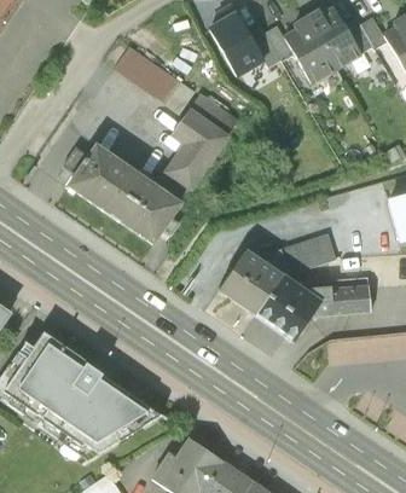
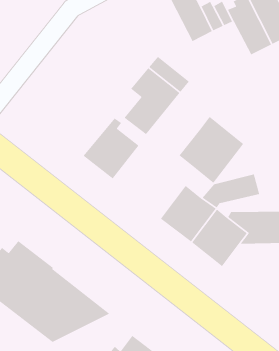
building: [112,44,181,103] -> none
building: [64,145,151,222] -> none
building: none -> [179,116,244,184]

